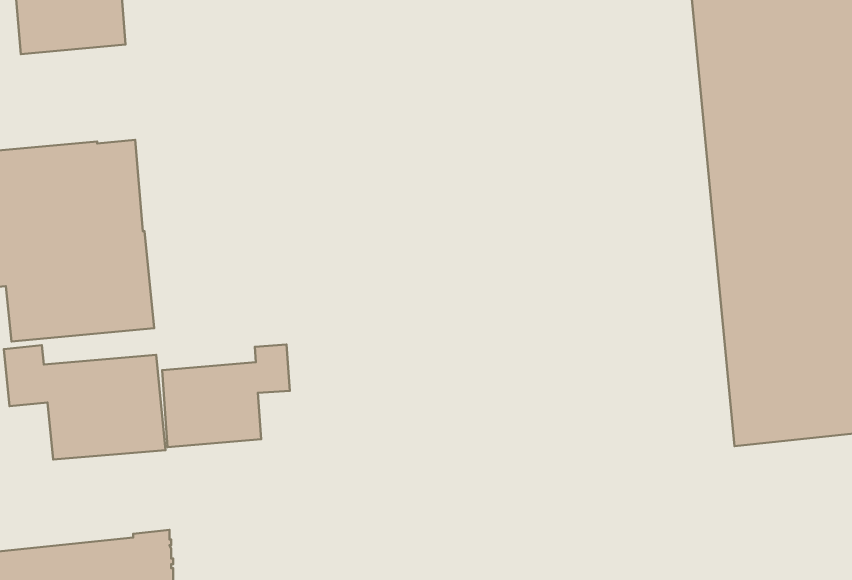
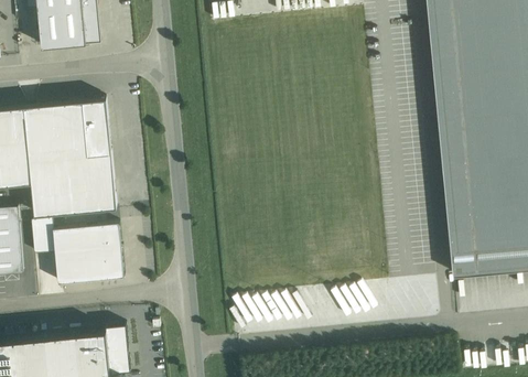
building: [162,344,290,447] -> none

